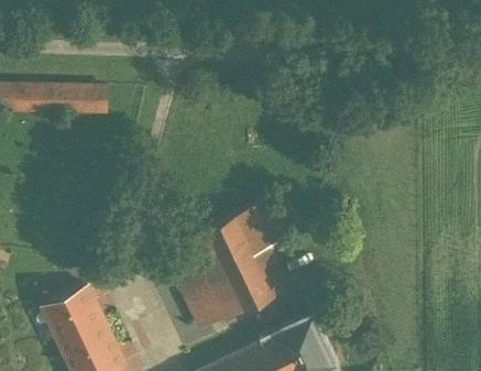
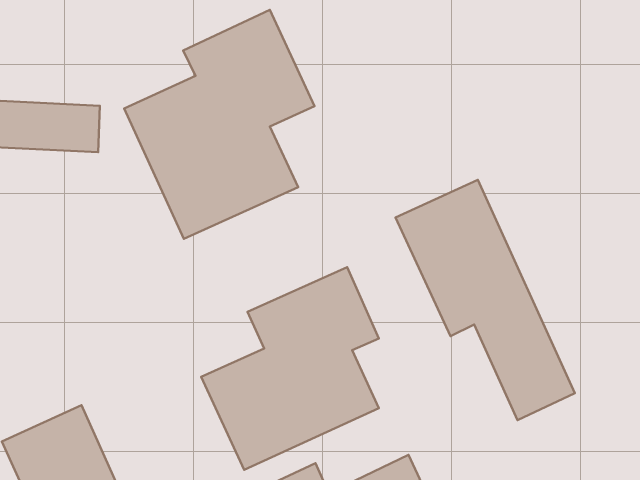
building: none -> [124,10,314,239]
building: none -> [396,180,575,420]

